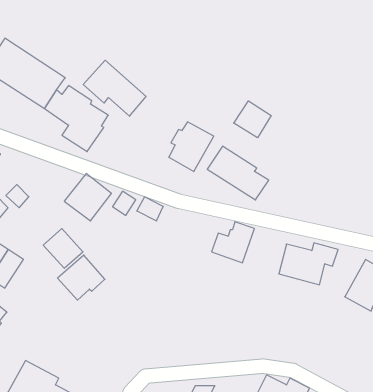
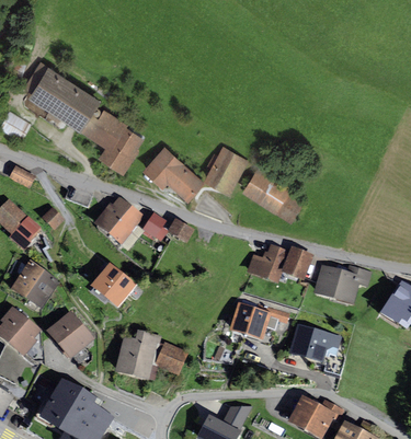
building: [83,60,146,116] -> [140,145,203,200]
building: [234,101,271,138] -> none
building: none -> [281,246,312,281]
building: none -> [228,302,288,342]
building: none -> [45,311,93,360]
building: none -> [287,324,342,365]
building: none -> [116,331,185,380]

